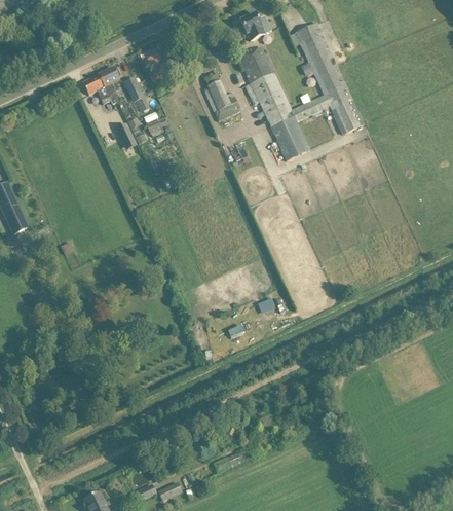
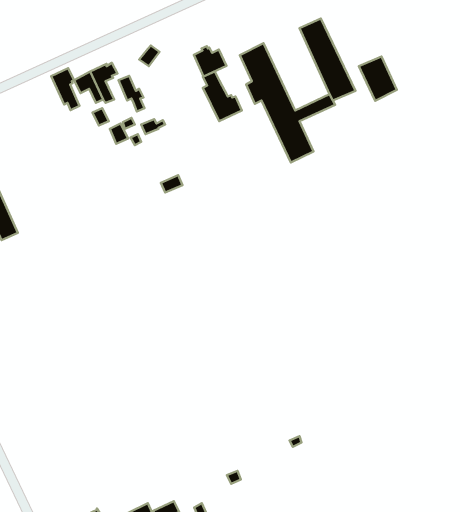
building: [239,11,270,40] -> [194,46,226,77]
building: none -> [51,68,80,110]
building: [327,92,363,134] -> [359,56,397,101]

